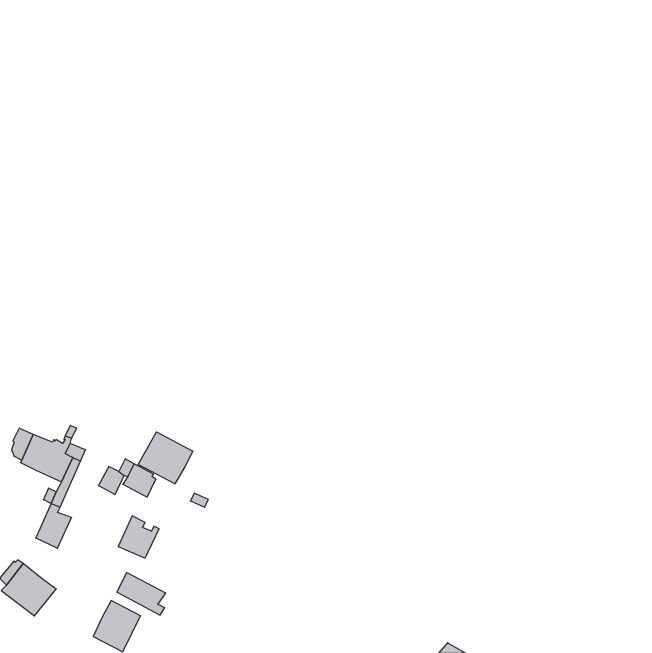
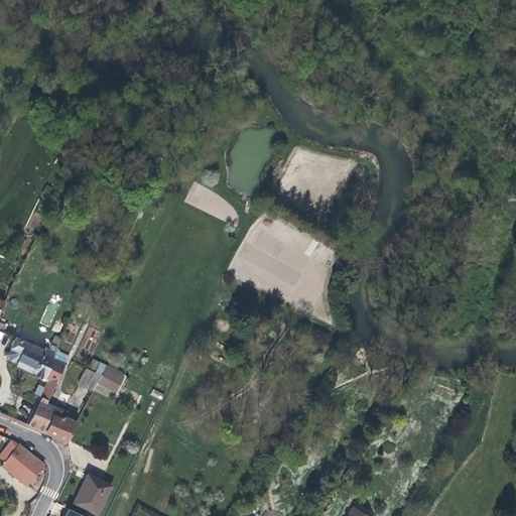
building: [138,432,193,484] -> none
building: [118,516,159,558] -> [46,408,79,441]
building: [117,573,165,615] -> none

